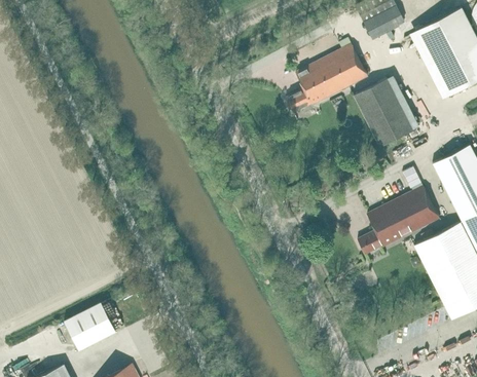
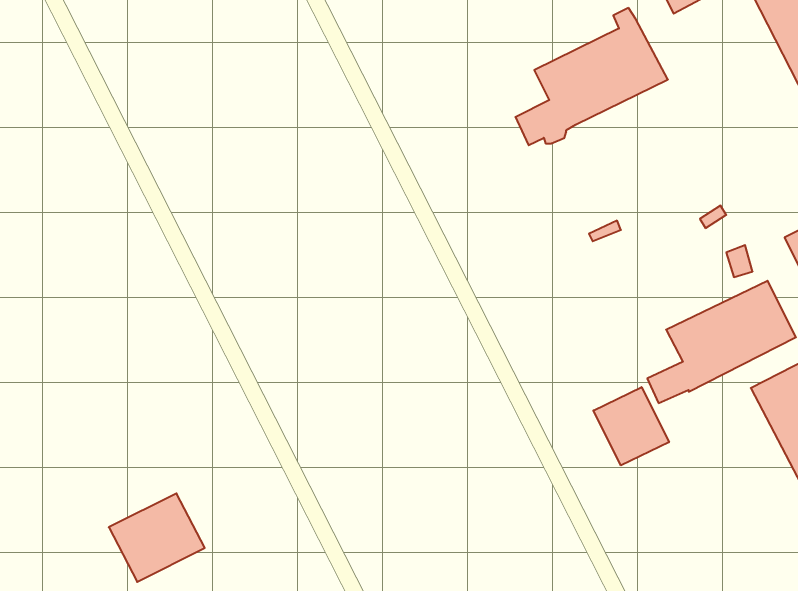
building: [353,76,419,148] -> none
building: none -> [593,387,669,465]

